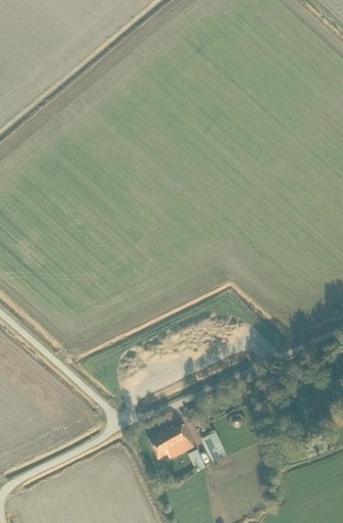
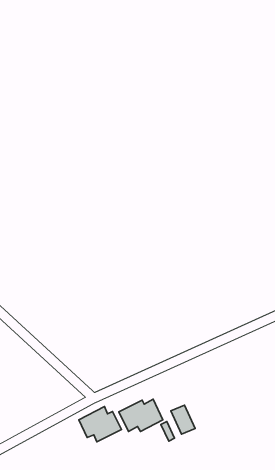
building: none -> [79,407,122,442]

